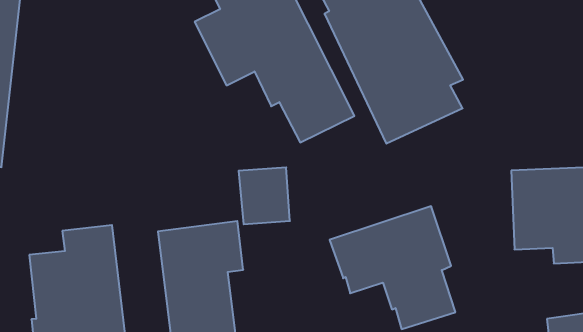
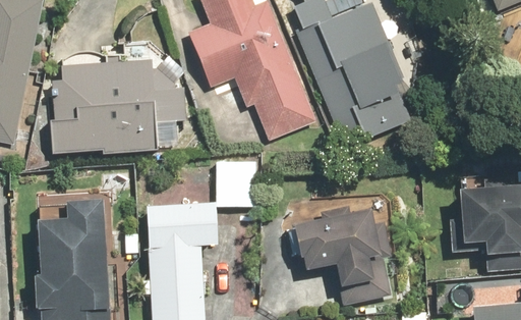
building: none -> [49,54,187,154]

